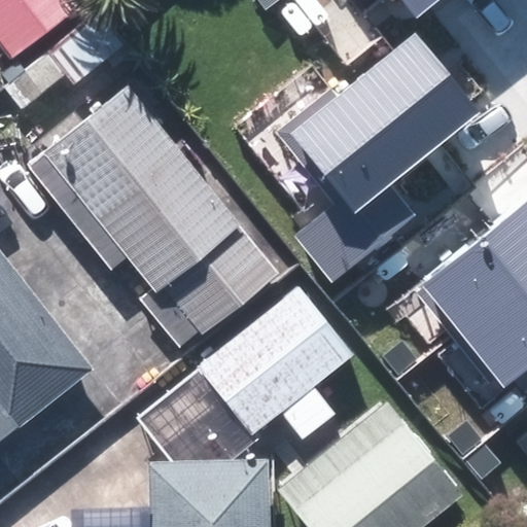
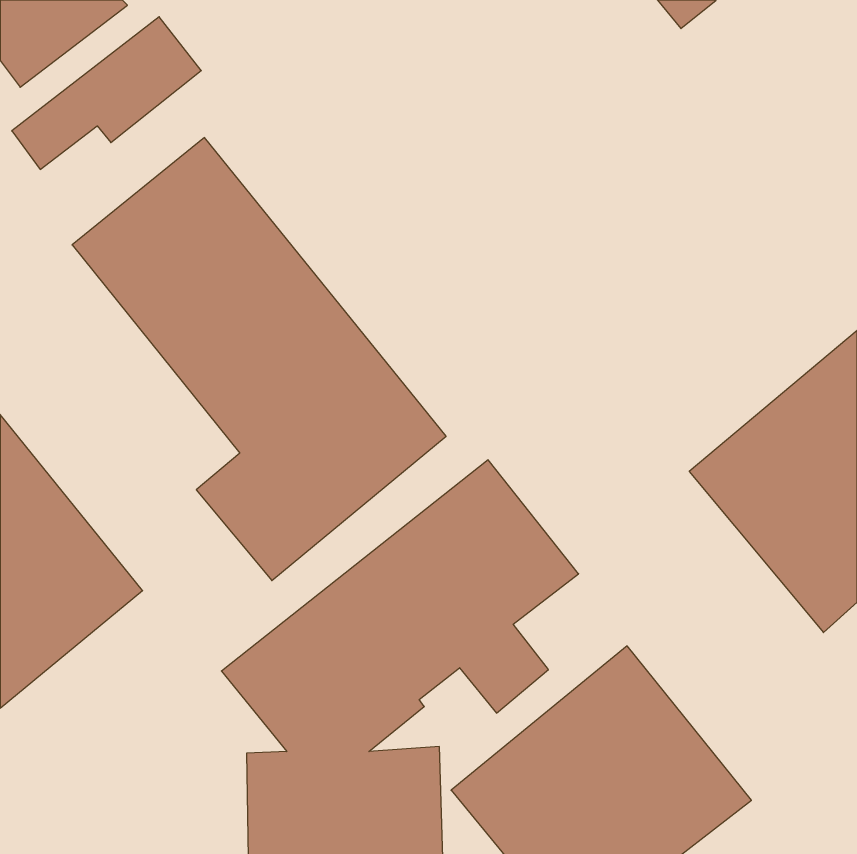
building: [293,37,480,283] -> none

